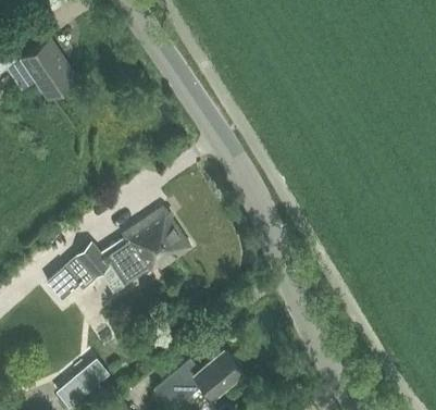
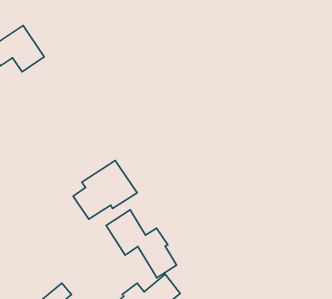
building: [48,245,110,299] -> none
building: none -> [106,210,177,278]

